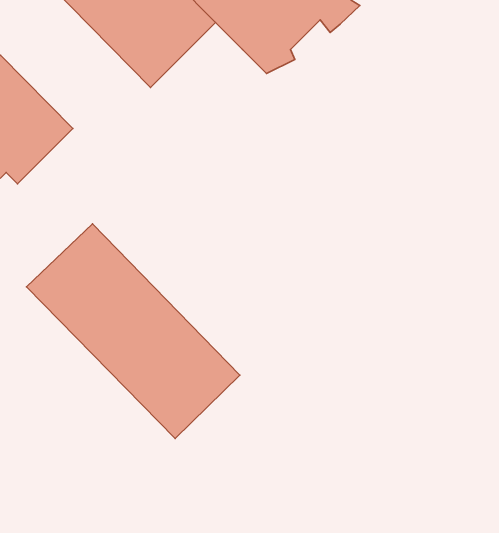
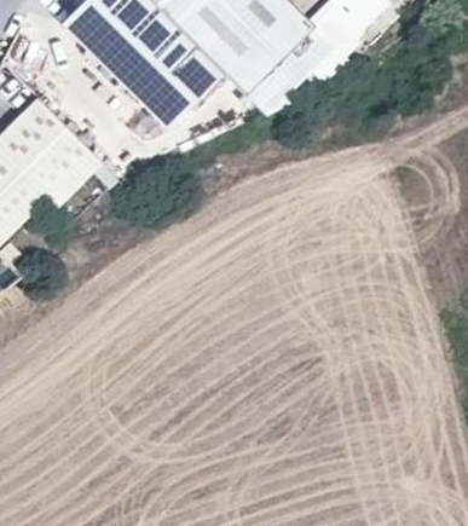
building: [26,224,240,438] -> none

